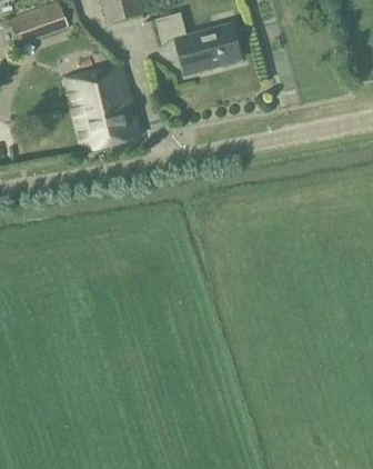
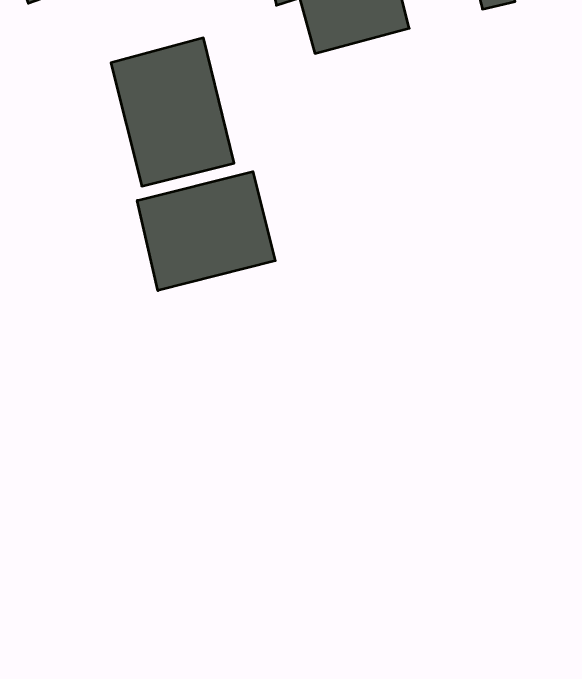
building: none -> [137,172,275,291]

